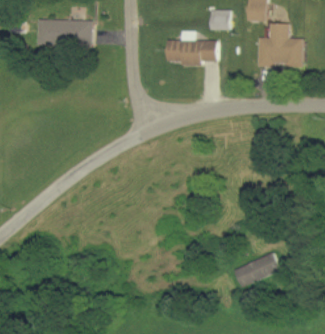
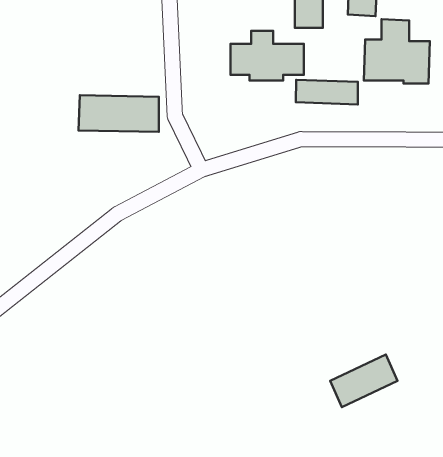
building: [37,20,92,45] -> [78,95,159,132]
building: none -> [296,80,358,104]

